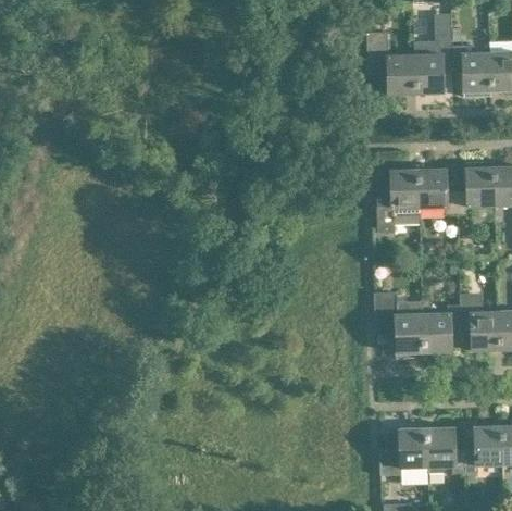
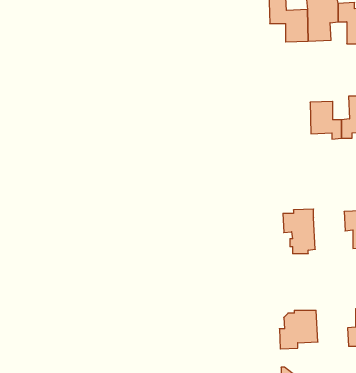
building: [376,169,420,232] -> none
building: [423,304,462,351] -> none
building: [426,426,466,473] -> none

